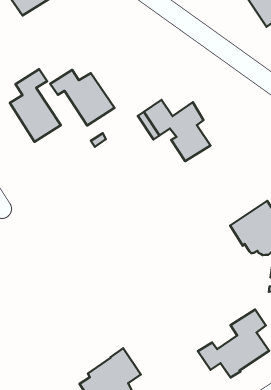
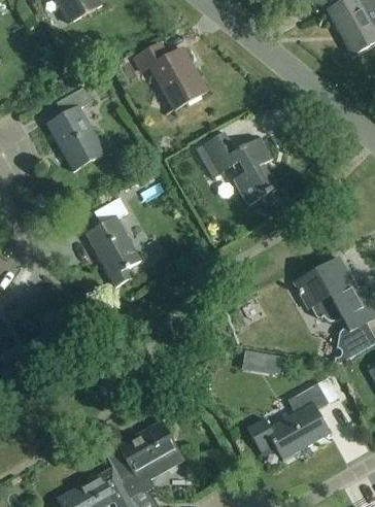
building: [50,70,114,126] -> [134,43,207,109]
building: none -> [86,198,141,286]
building: none -> [243,351,279,373]

